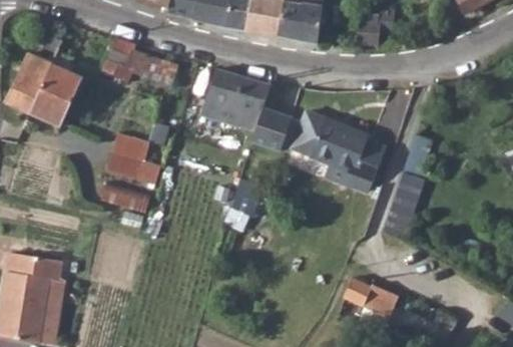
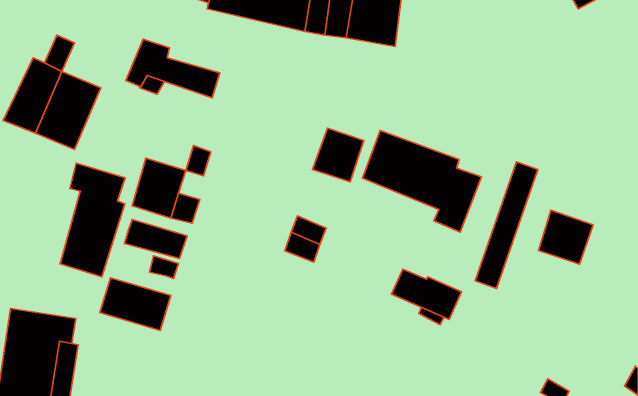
building: [356,11,395,50] -> none
building: [202,67,272,130] -> none
building: none -> [60,163,125,277]
building: none -> [538,210,593,264]
building: none -> [100,278,171,330]
building: [343,278,399,318] -> [391,269,462,319]

